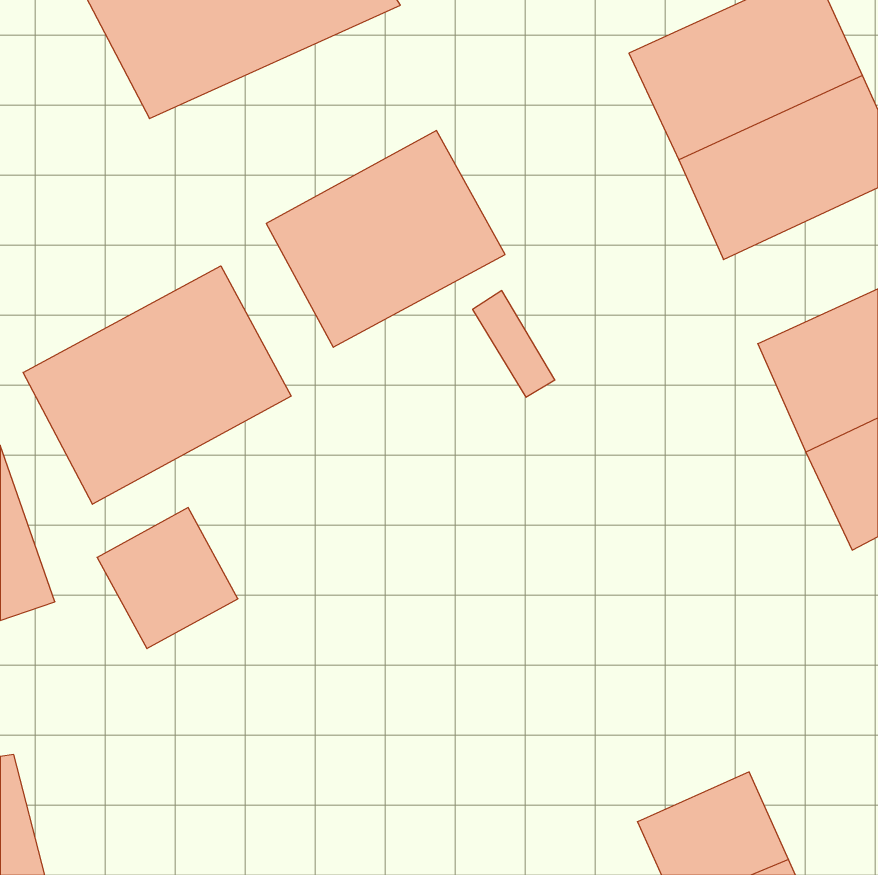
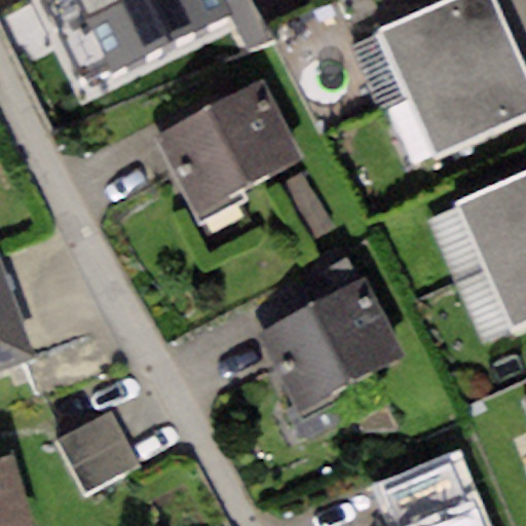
building: [23,266,291,504] -> none
building: none -> [257,253,403,409]
building: [97,508,238,649] -> [57,411,141,495]

